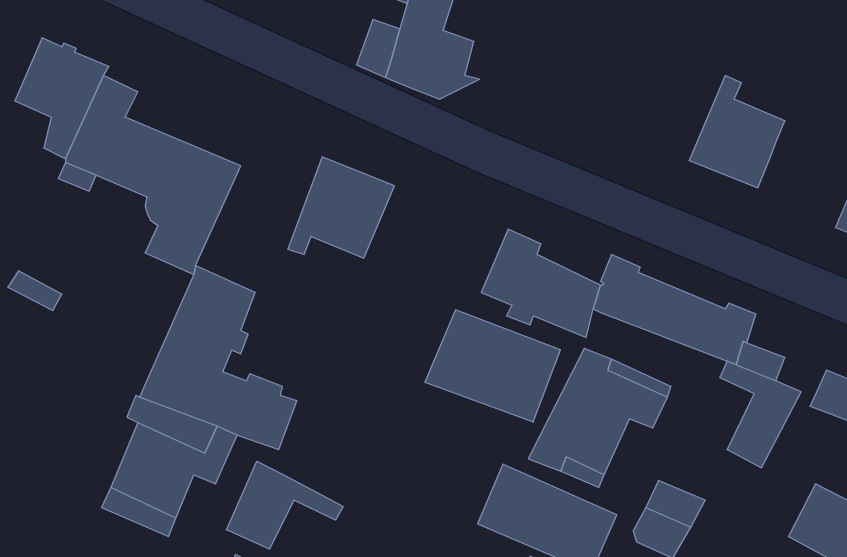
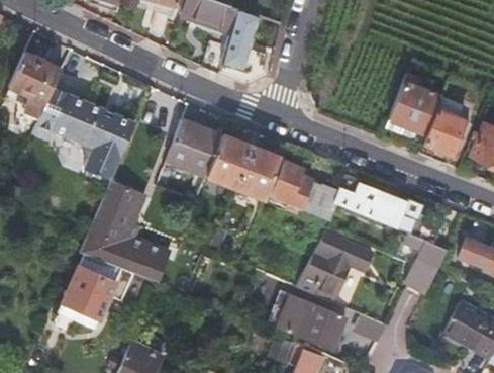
building: none -> [420,110,463,155]
building: [425,310,560,422] -> [204,134,280,197]
building: [226,461,343,549] -> none

